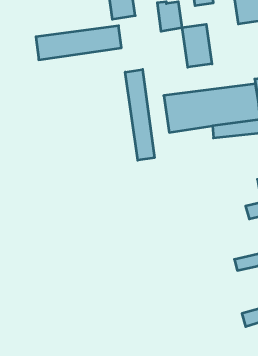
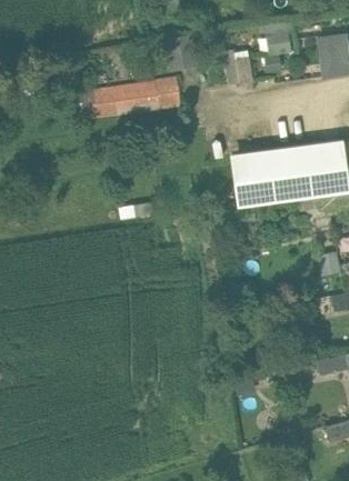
building: [182,24,212,67] -> none
building: [125,69,154,160] -> none

